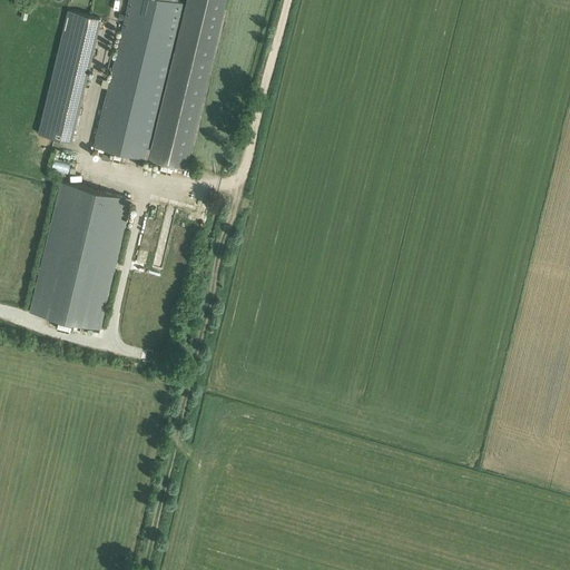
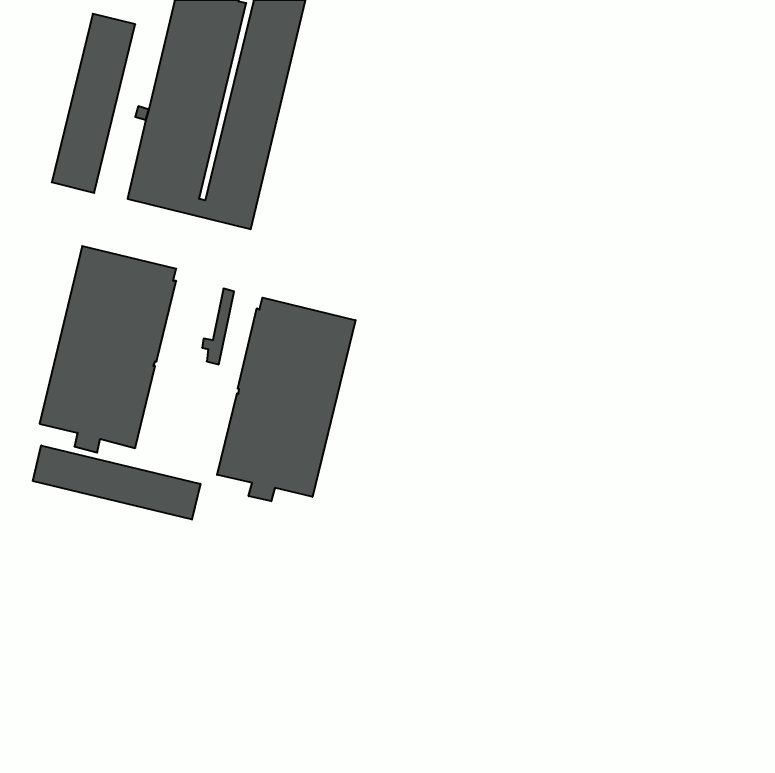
building: none -> [217,298,356,501]
building: none -> [33,445,200,520]

